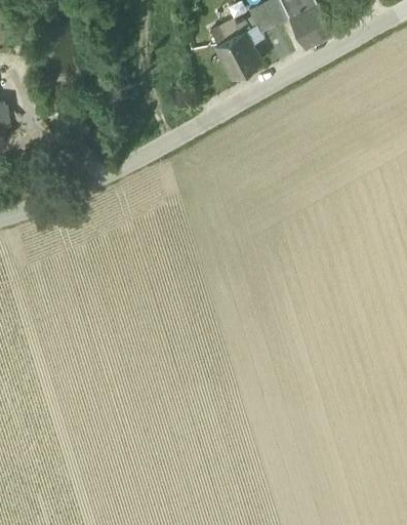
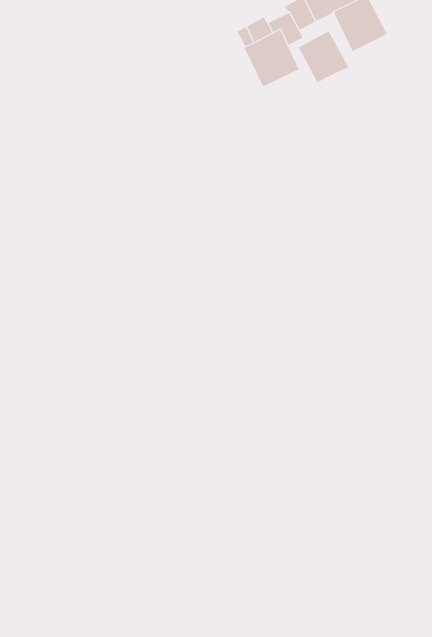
building: none -> [298,31,349,83]

